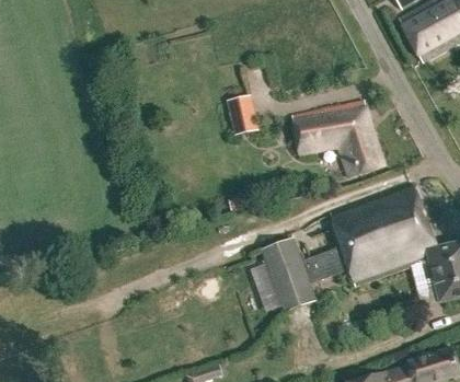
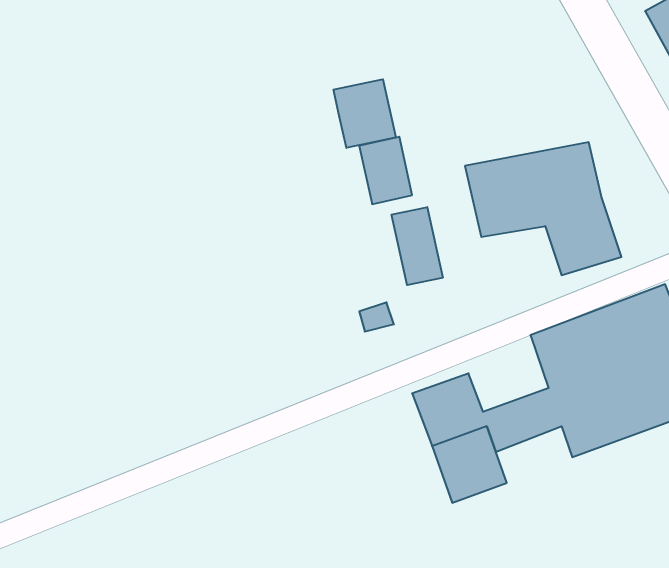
building: none -> [334,79,396,148]
building: none -> [392,207,443,285]

